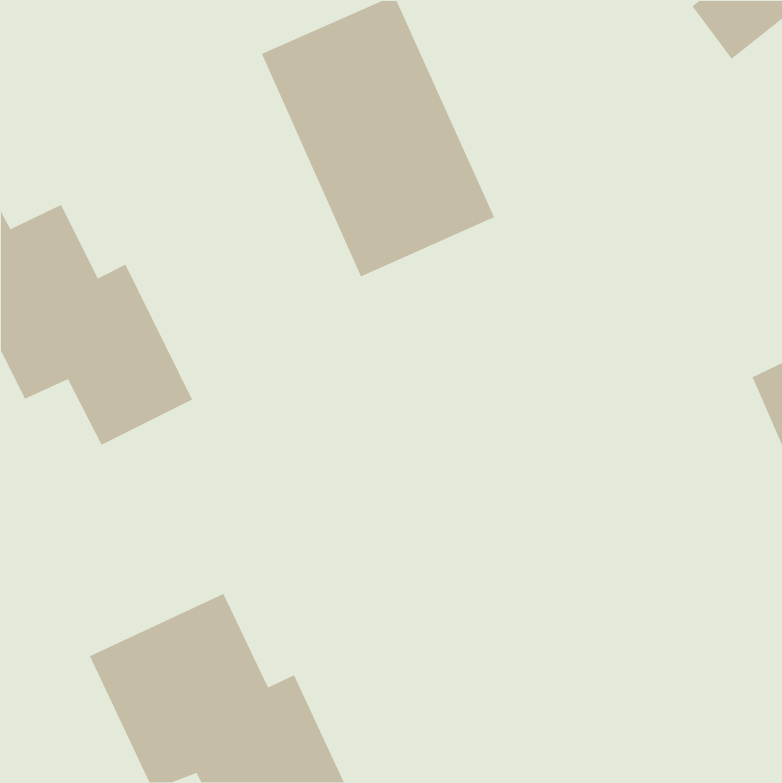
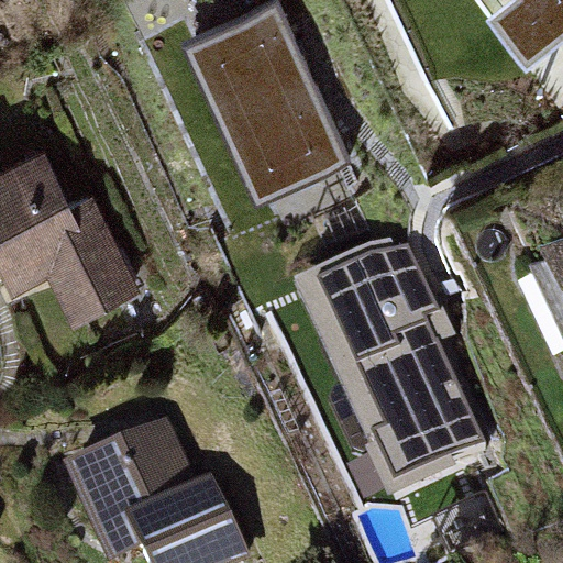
building: none -> [301,250,492,501]

